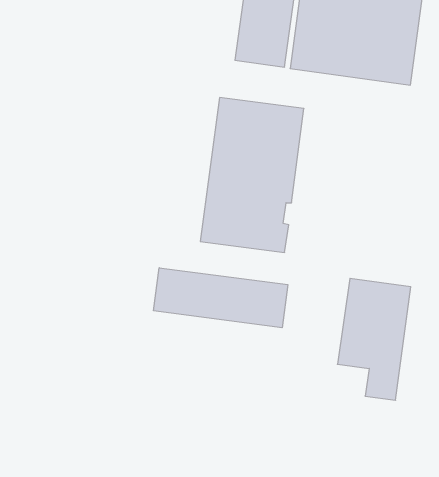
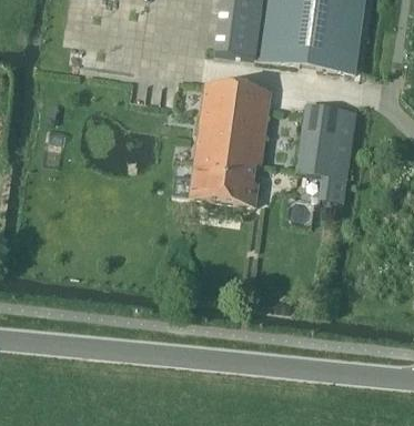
building: [154,268,288,328] -> none
building: [337,278,411,400] -> [297,102,356,200]

